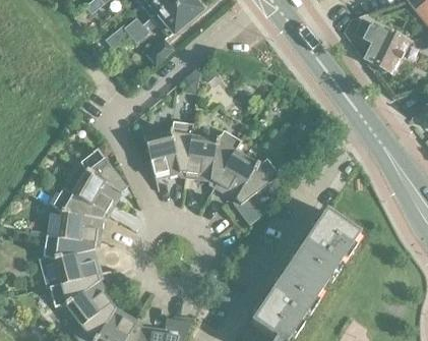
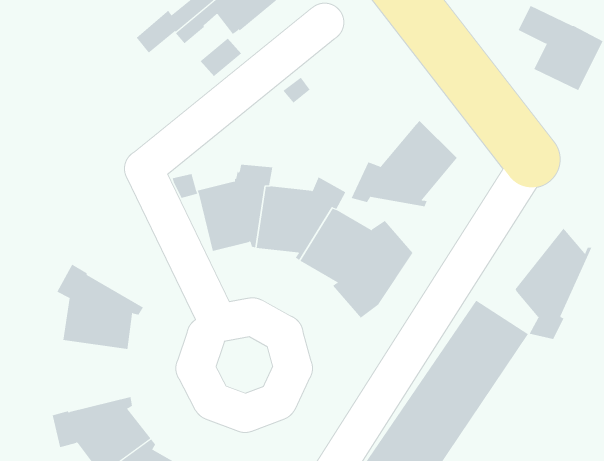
building: none -> [351,120,457,207]
building: [73,149,130,215] -> none
building: none -> [515,228,592,340]
building: [44,234,102,283] -> none

